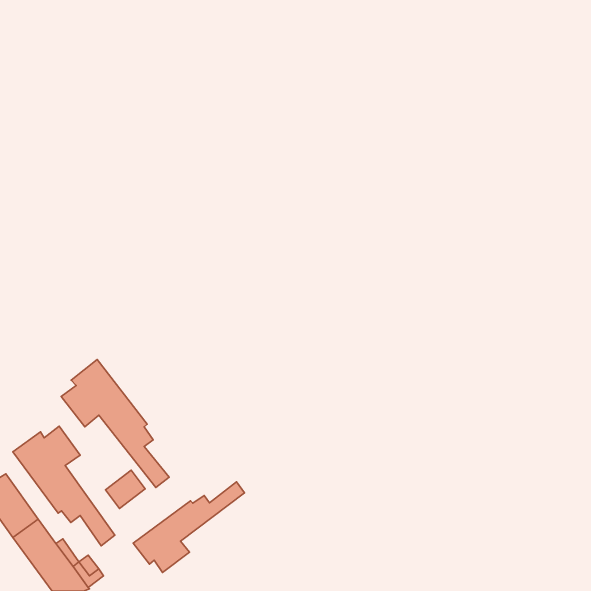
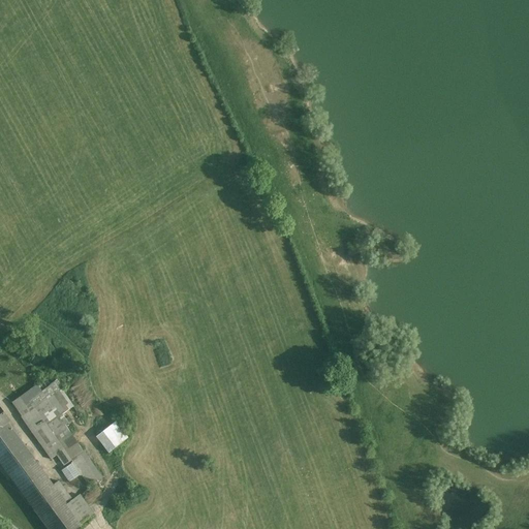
building: [61,359,169,487] -> none
building: [133,482,245,572] -> none

